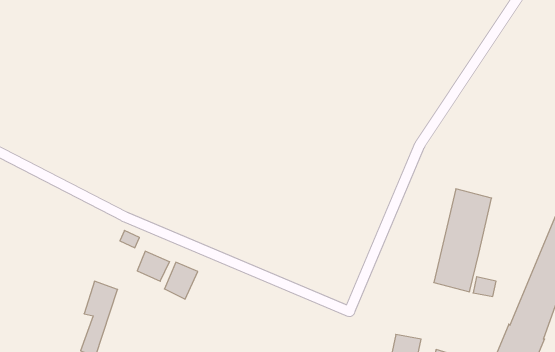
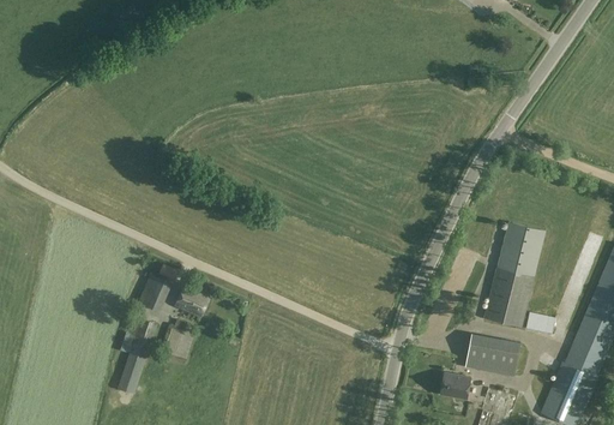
building: [164,262,198,299] -> [138,276,173,315]
building: none -> [466,335,520,373]

